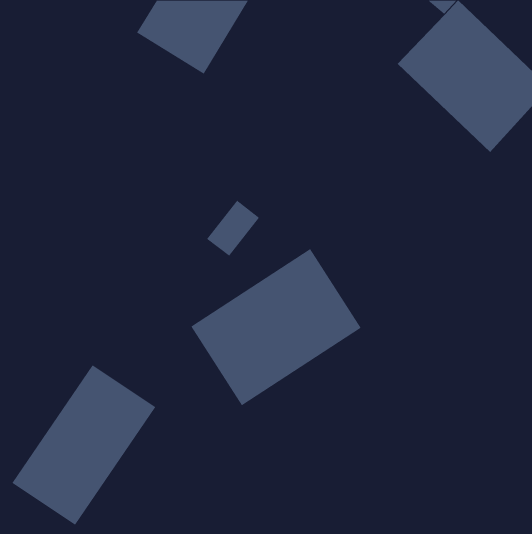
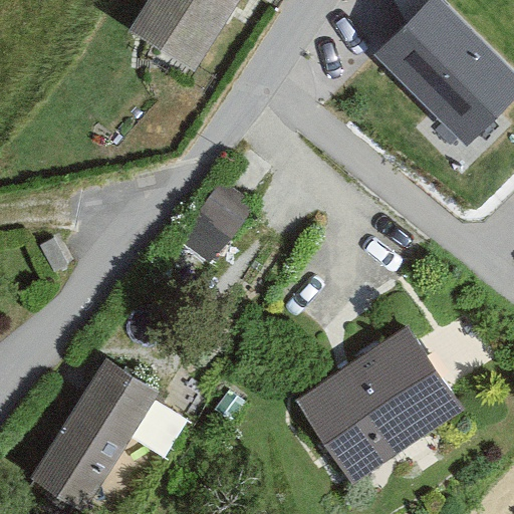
building: [190,248,362,406] -> none
building: none -> [297,328,459,482]

